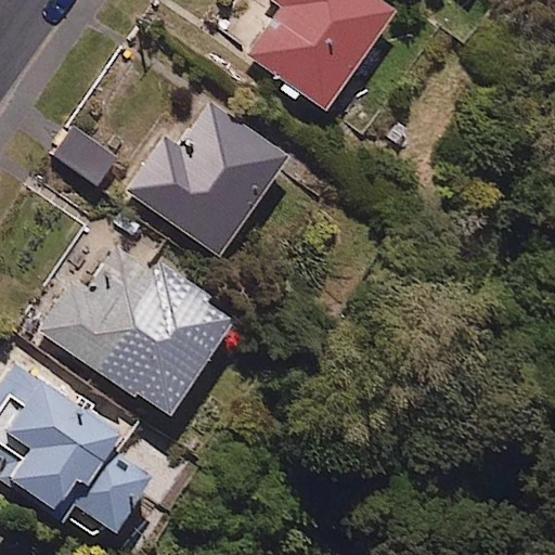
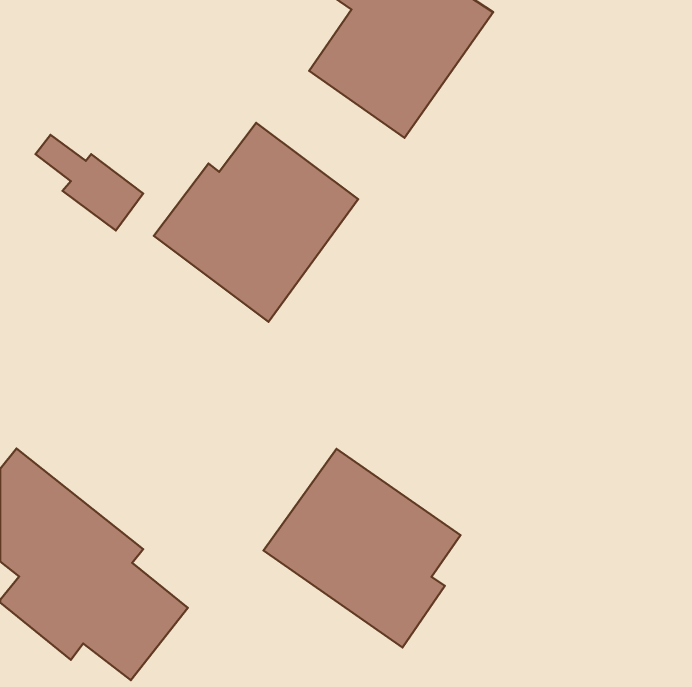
building: [33,235,237,420] -> none
building: none -> [264,449,460,647]

